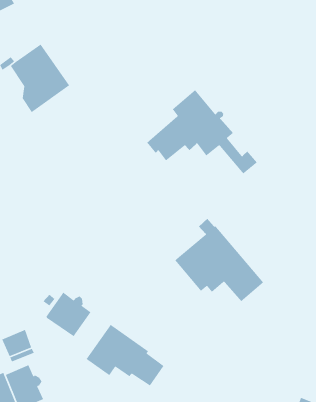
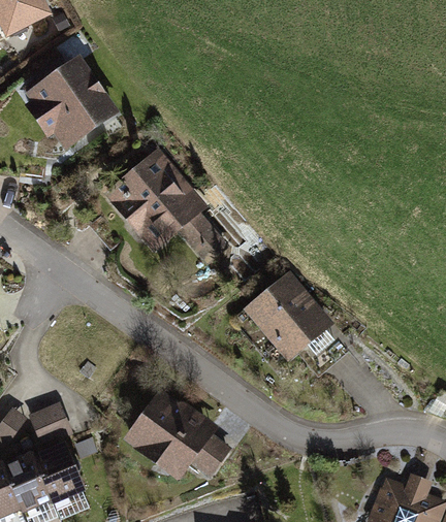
building: [146,89,258,174] -> [92,157,226,259]
building: [45,292,91,337] -> none

